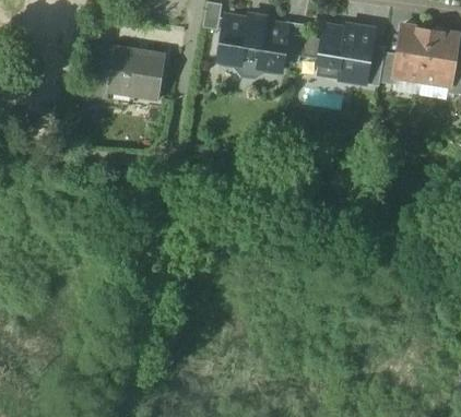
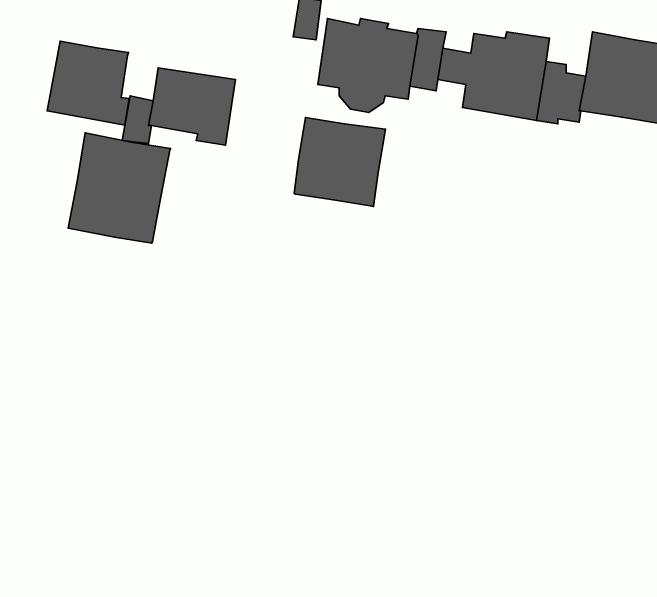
building: none -> [47,41,129,125]
building: none -> [294,118,385,207]
building: none -> [68,133,170,243]

